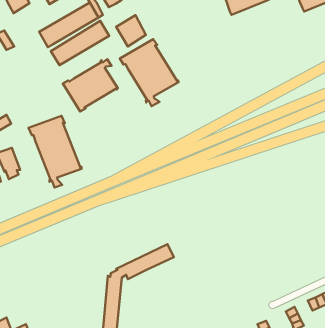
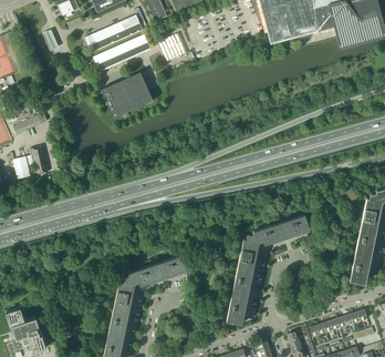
building: [120,39,178,106] -> none
building: [29,116,82,187] -> none
building: none -> [227,215,309,324]

